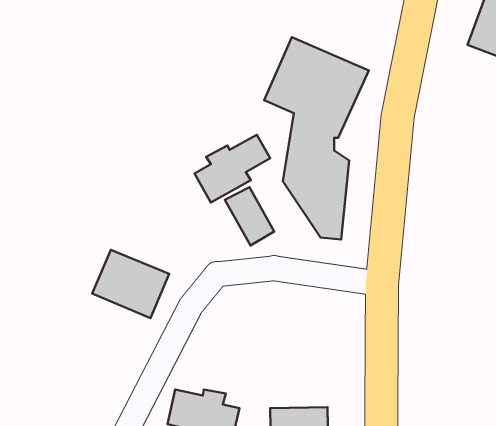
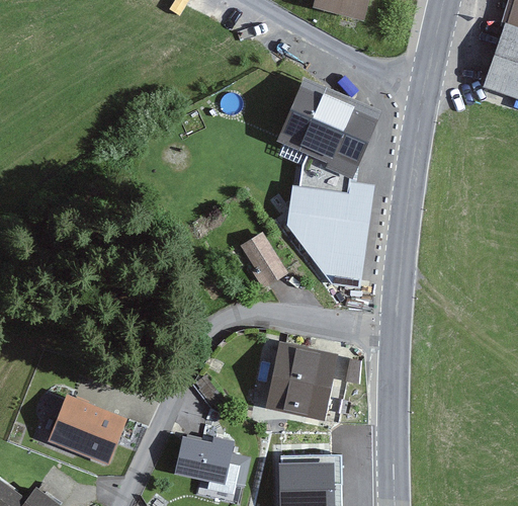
building: [194,135,270,202] -> none
building: [92,250,169,318] -> [48,396,126,466]
building: none -> [266,342,338,419]

